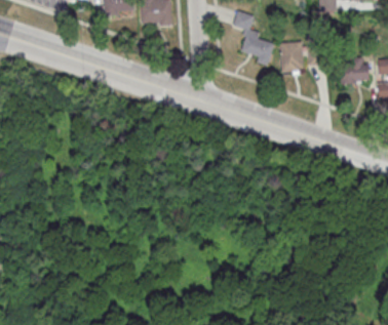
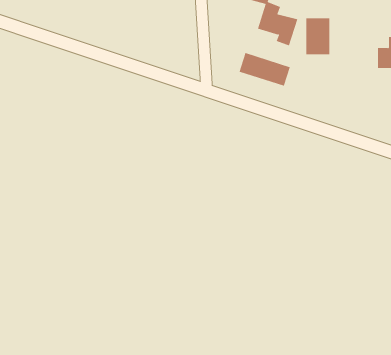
building: none -> [239,52,290,87]

